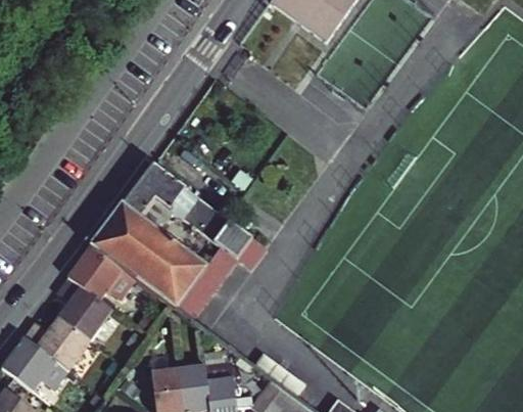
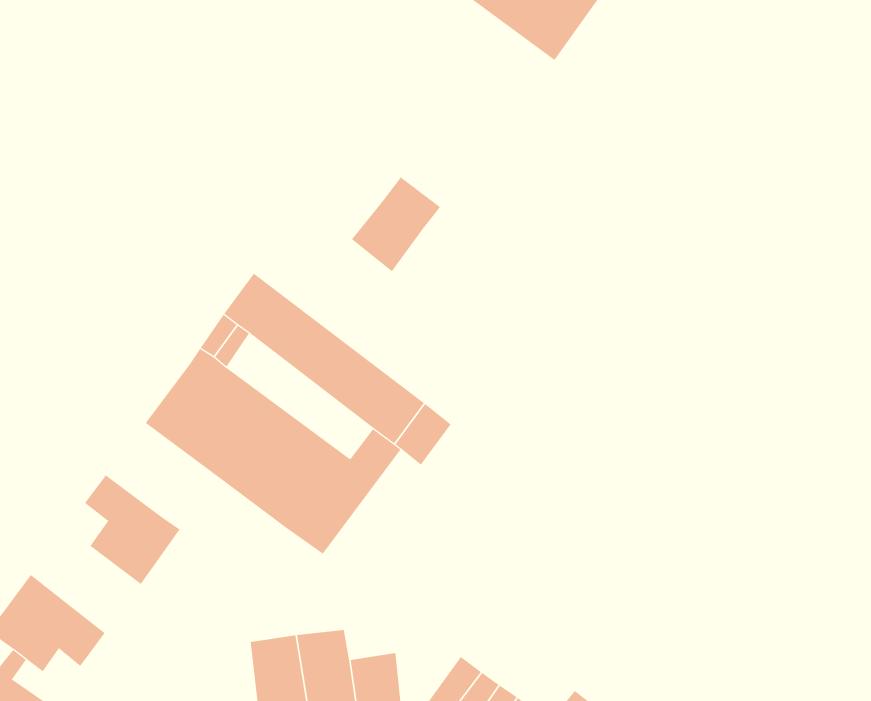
building: none -> [351,177,441,272]
building: [67,245,134,300] -> none
building: [25,316,88,366] -> none

